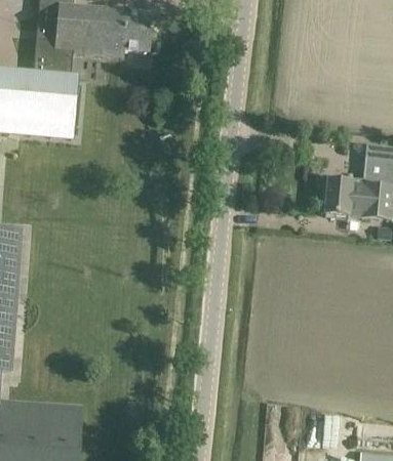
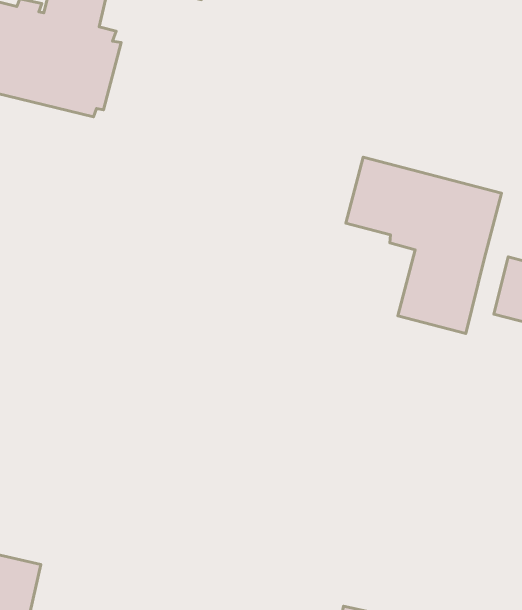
building: none -> [346,157,502,333]

